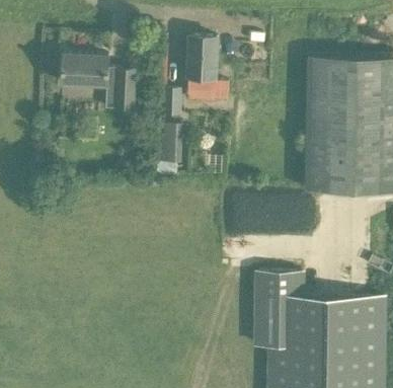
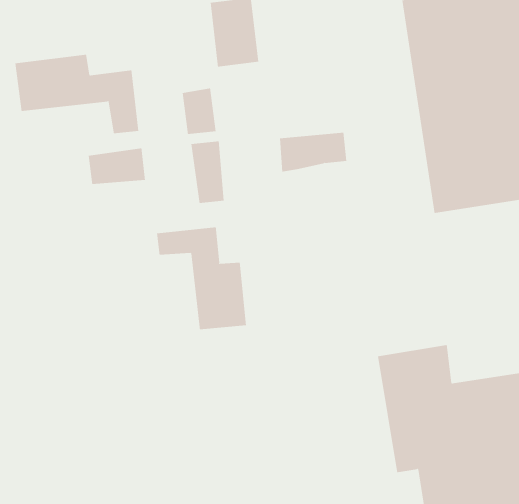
building: [184,81,227,102] -> [279,132,347,172]
building: none -> [88,147,146,185]
building: none -> [156,226,247,330]

